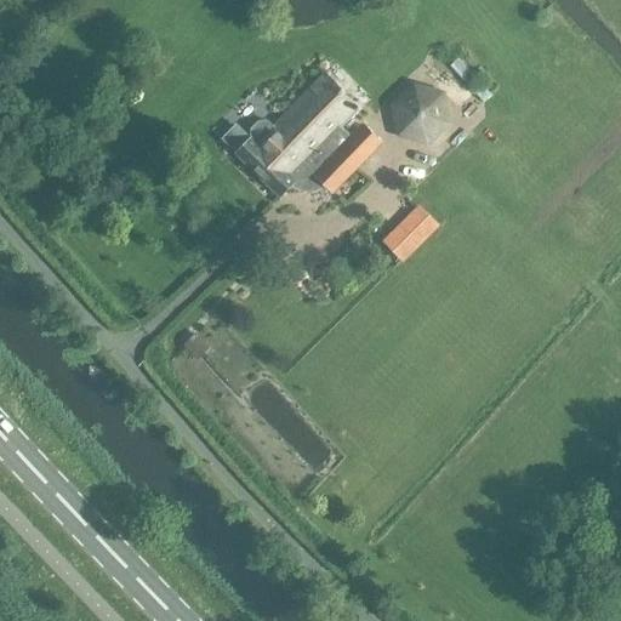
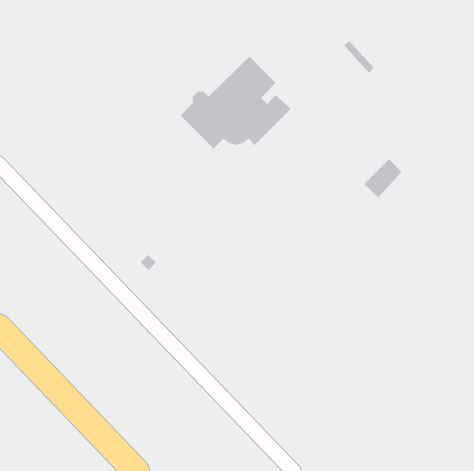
building: [391,82,450,142] -> none
building: [382,201,433,253] -> [363,158,402,198]

